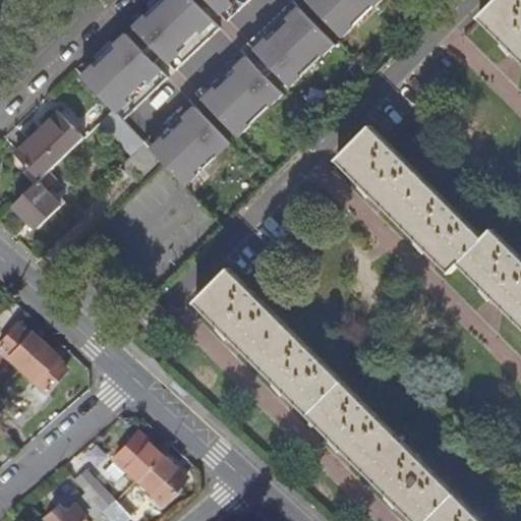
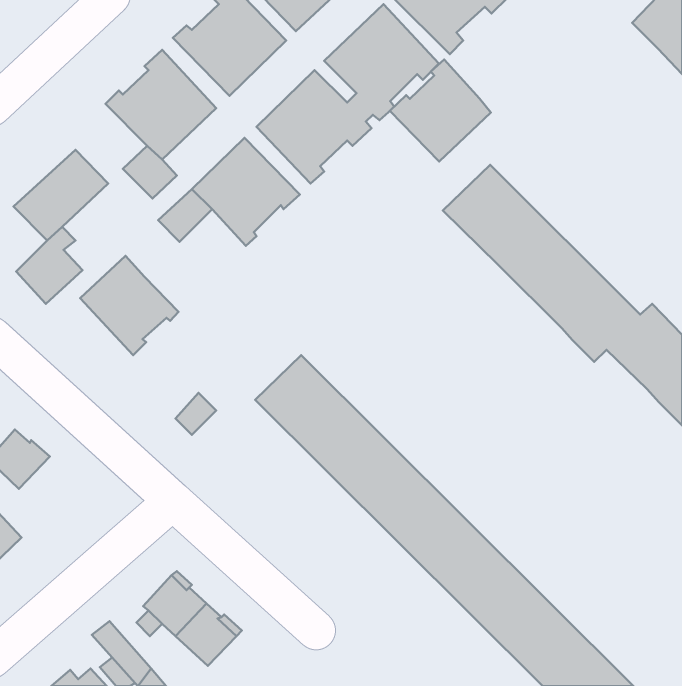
building: none -> [390,59,491,162]
building: none -> [80,256,179,355]
building: [14,344,61,391] -> none

